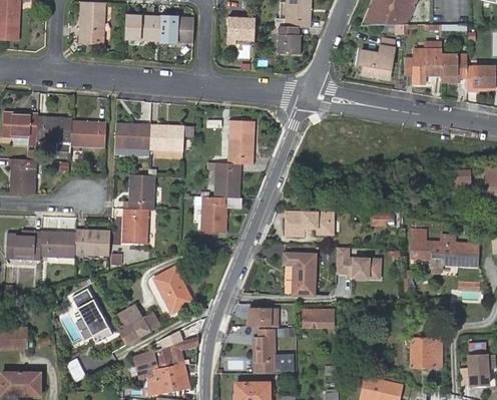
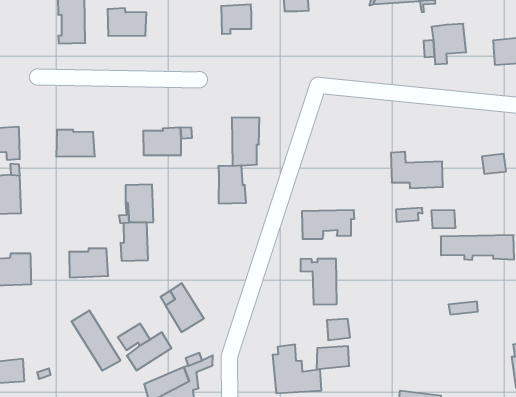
building: [156,17,192,42] -> none
building: [277,27,298,54] -> none
building: [361,46,398,80] -> none
building: [445,54,471,82] -> none
building: [35,118,70,153] -> none
building: [113,123,148,156] -> none
building: [199,197,239,233] -> none
building: [38,233,74,258] -> none
building: [337,248,384,282] -> [391,152,443,188]
building: [245,309,276,328] -> [316,346,349,369]
building: [411,334,442,367] -> none

